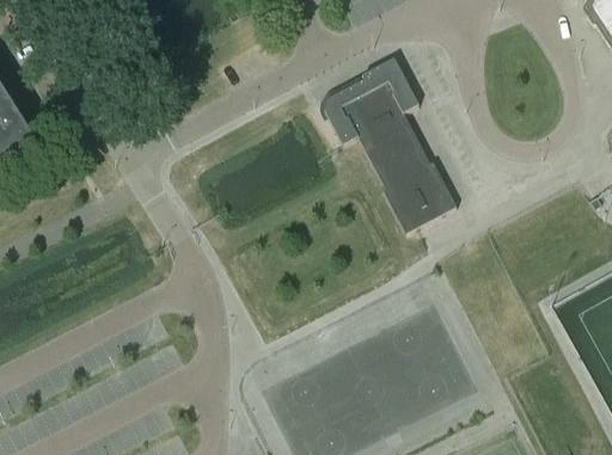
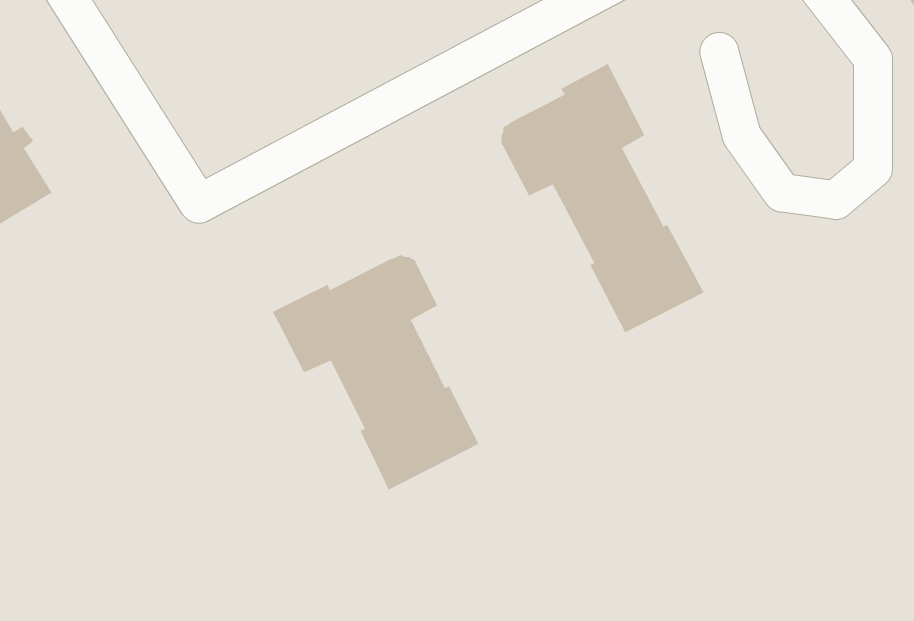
building: none -> [272,255,479,491]

